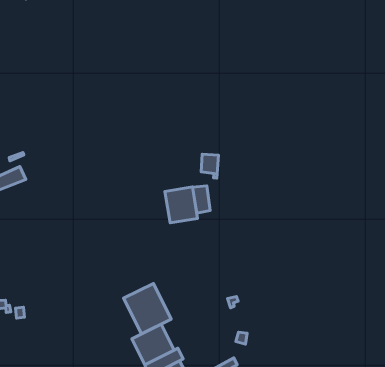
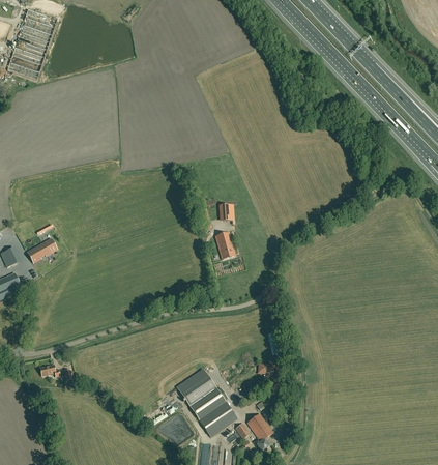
building: [165,187,198,223] -> none
building: [124,283,171,334] -> none

